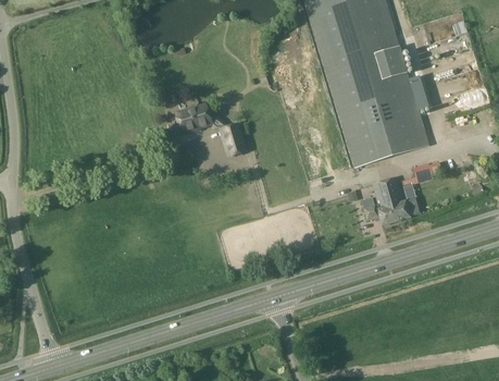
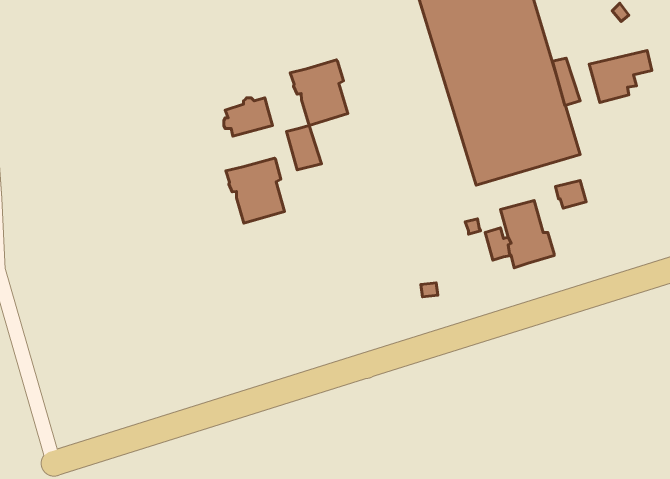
building: none -> [290,60,348,125]
building: none -> [226,158,284,223]

